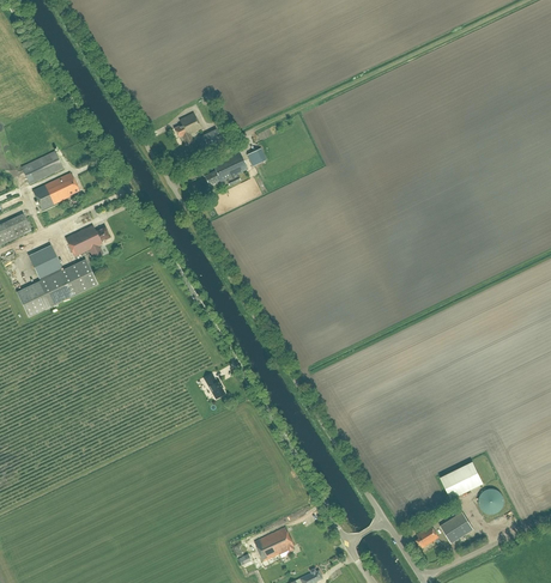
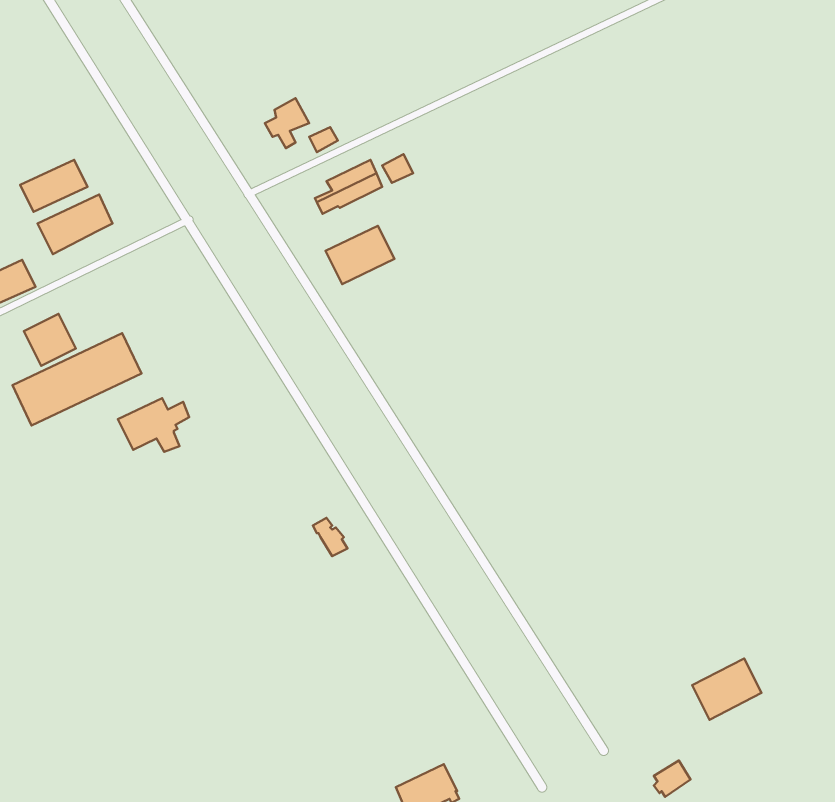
building: none -> [326,226,395,284]
building: [65,224,109,257] -> [118,398,189,452]
building: [478,487,504,514] -> none
building: [440,509,473,542] -> none

